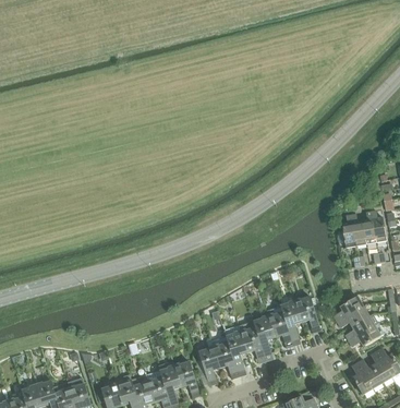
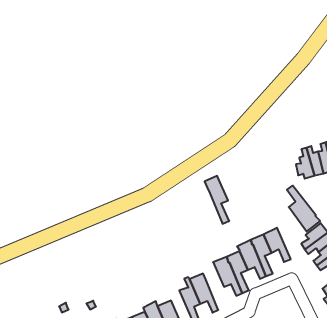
building: none -> [287,186,320,232]
building: [225,325,247,376] -> [205,176,229,224]

